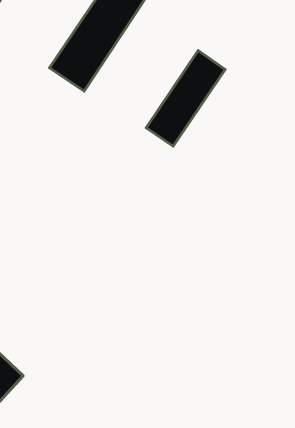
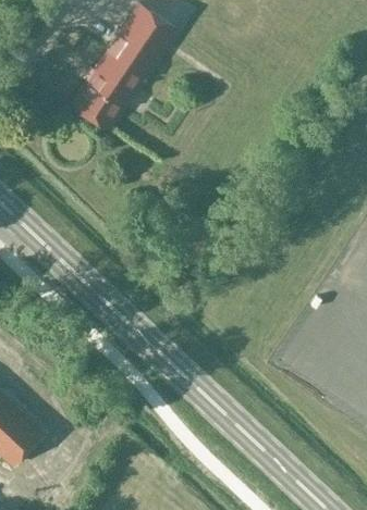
building: [146,50,225,146] -> none

